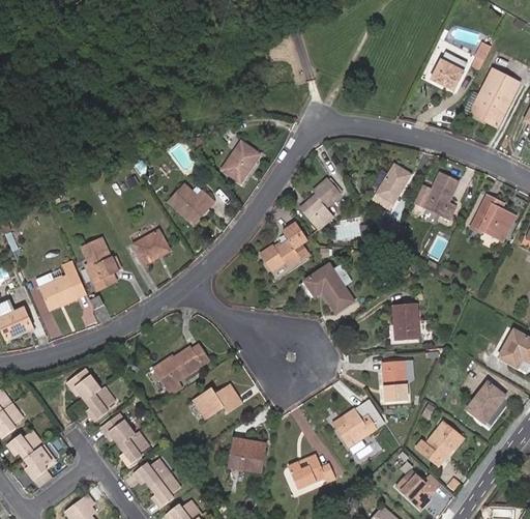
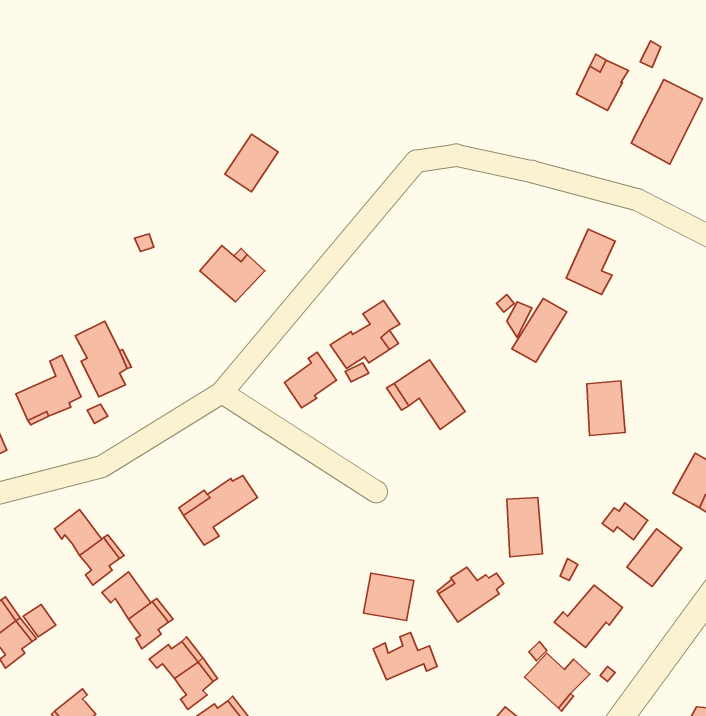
building: [222,142,259,182] -> [225,134,278,192]
building: [372,165,410,209] -> [512,298,567,362]
building: [299,179,340,229] -> none
building: [470,196,514,240] -> none
building: [132,230,169,264] -> none
building: none -> [285,352,337,408]
building: [392,302,419,341] -> [587,381,625,436]
building: none -> [602,503,648,540]
building: [192,383,242,420] -> none
building: [229,438,264,471] -> [363,573,414,621]

